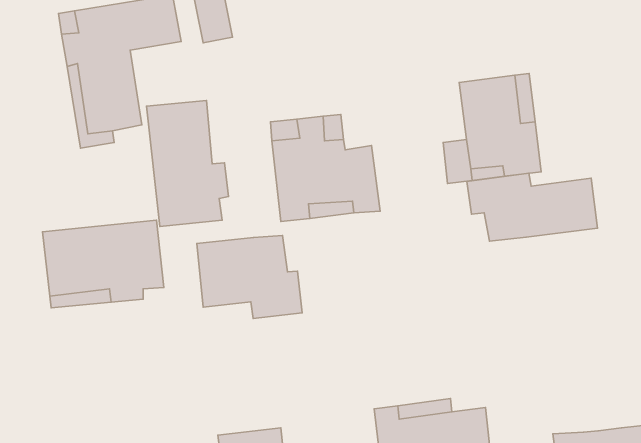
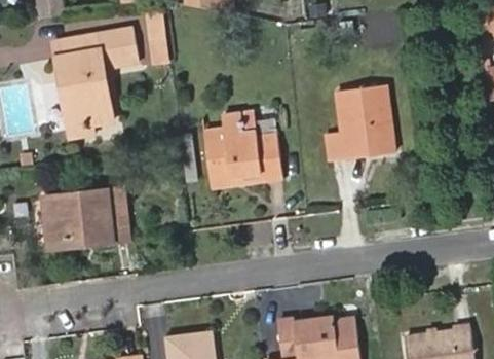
building: [147,101,228,226] -> none
building: [467,173,597,241] -> none
building: [197,235,302,319] -> none

